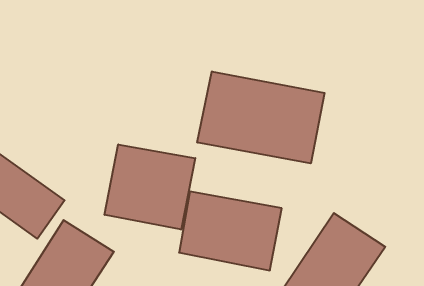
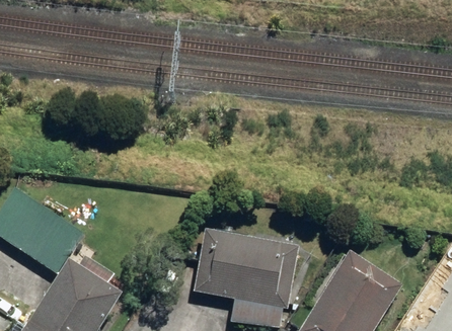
building: [197,71,325,163] -> none
building: [105,144,195,230] -> none

